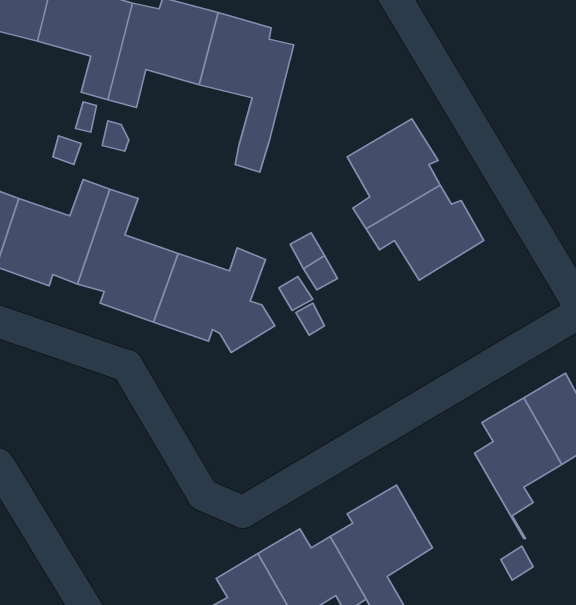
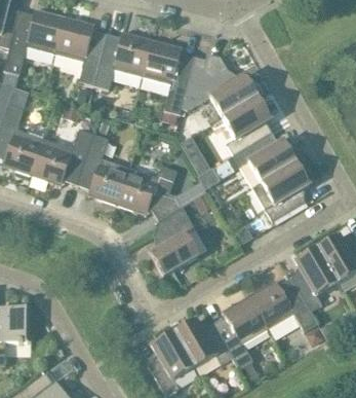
building: none -> [181,52,258,116]
building: none -> [262,161,310,221]
building: none -> [150,208,198,276]
building: none -> [249,277,318,331]

